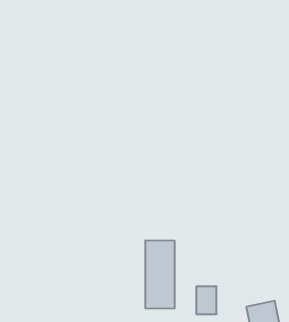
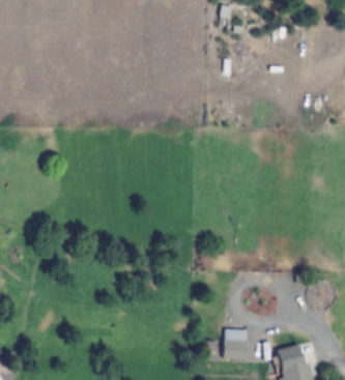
building: [145,240,175,309] -> none

